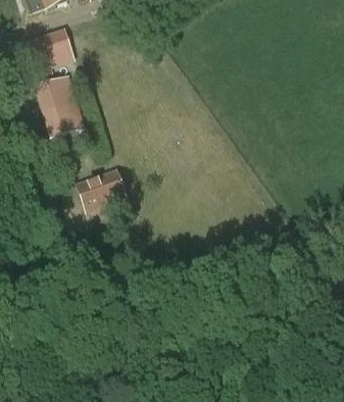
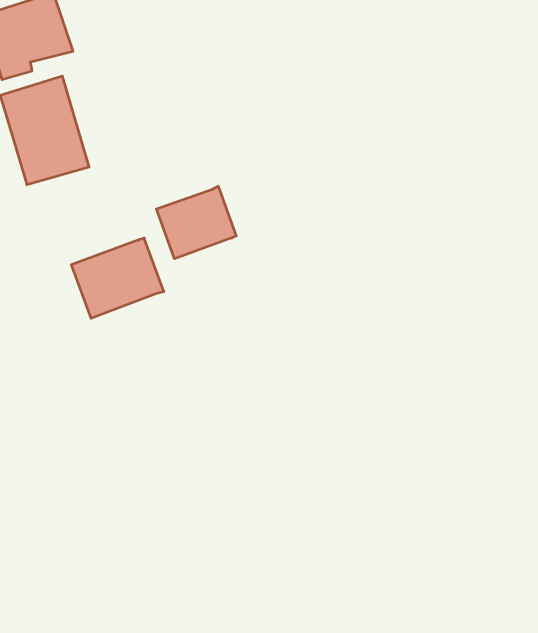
building: none -> [156,186,236,259]

